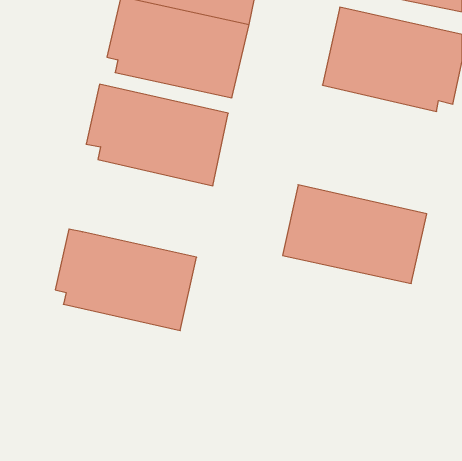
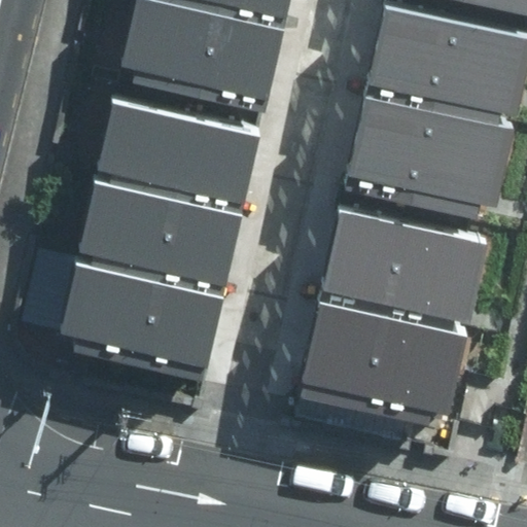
building: none -> [346,97,513,216]
building: none -> [80,178,242,292]
building: none -> [298,304,464,422]

